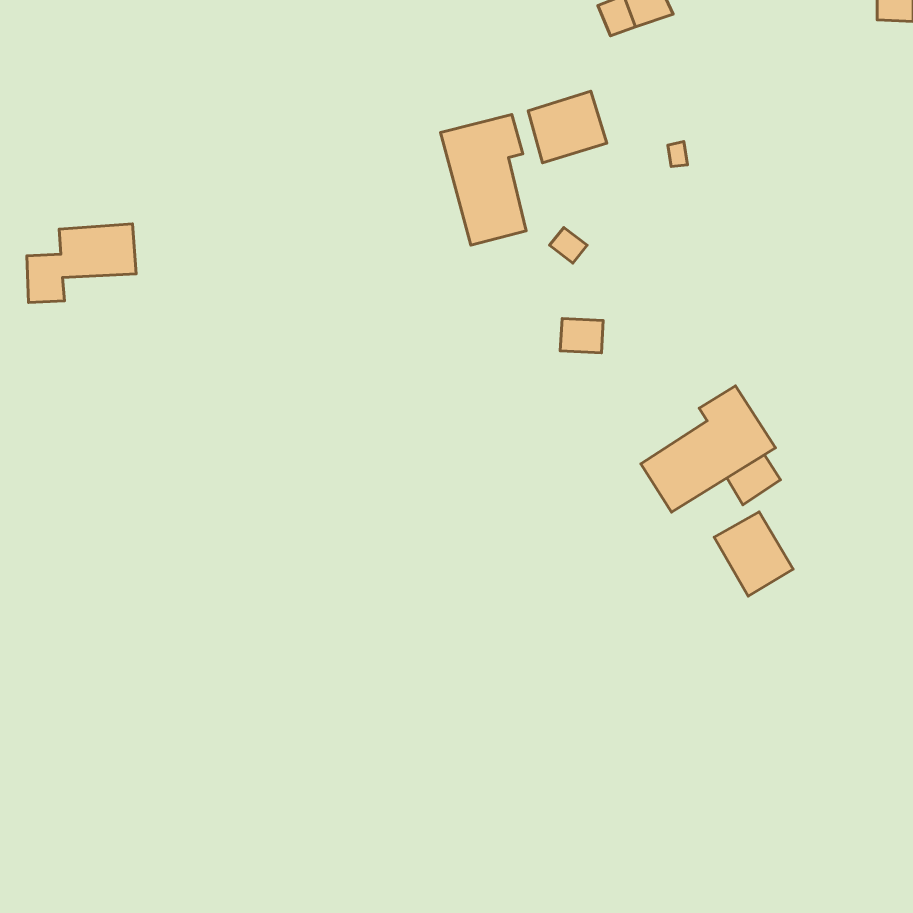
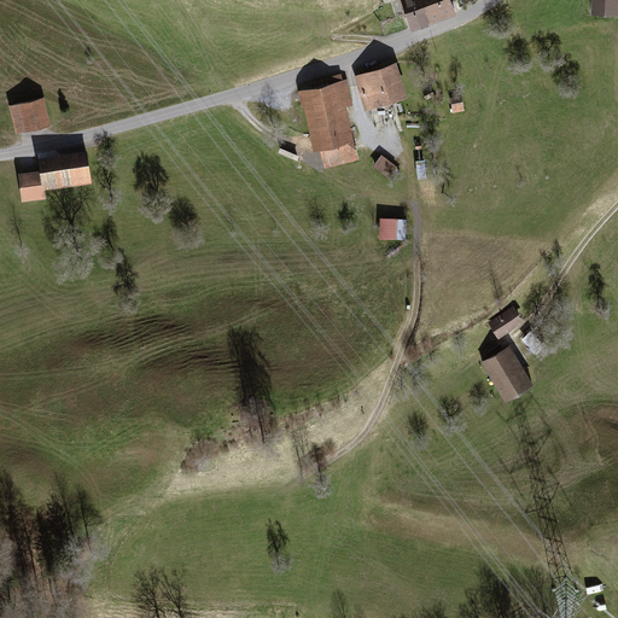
building: none -> [8,98,49,134]
building: [641,386,775,512] -> none

